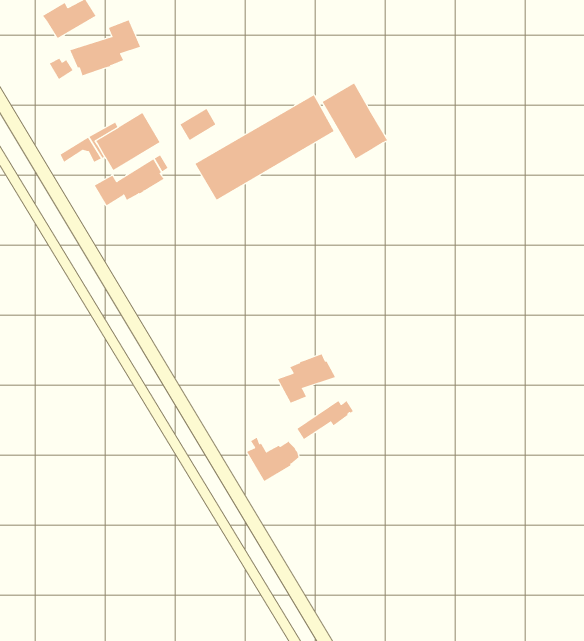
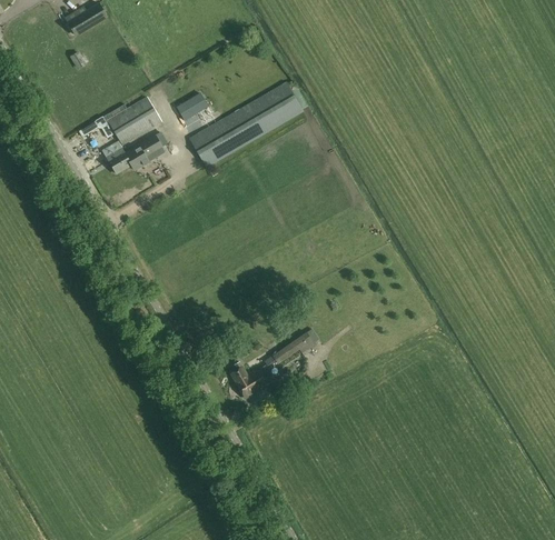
building: [70,20,141,76] -> none
building: [322,83,388,159] -> none
building: [277,354,336,404] -> none

